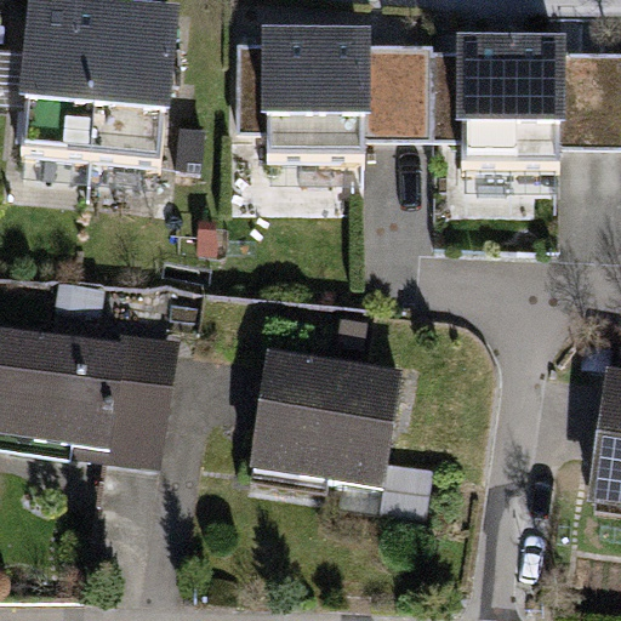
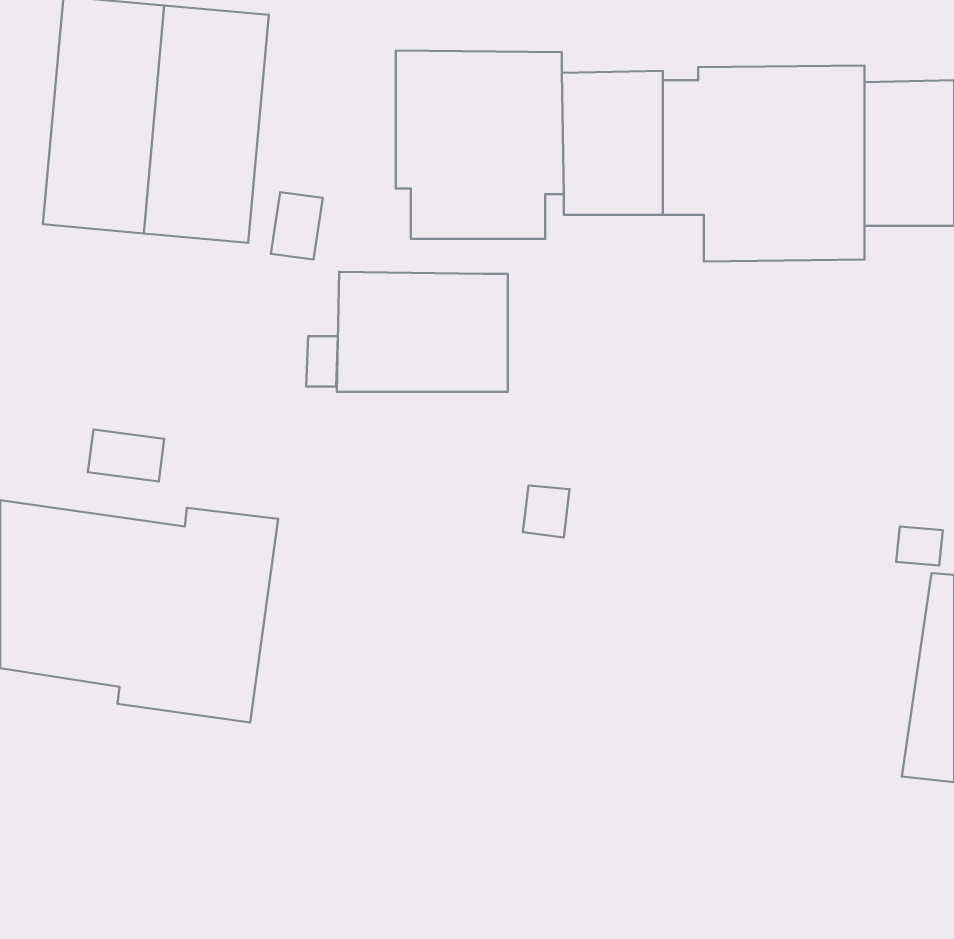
building: none -> [337,272,508,392]
building: [257,351,438,523] -> none

